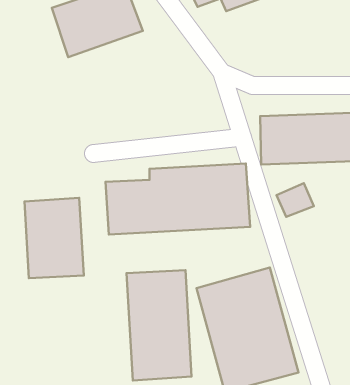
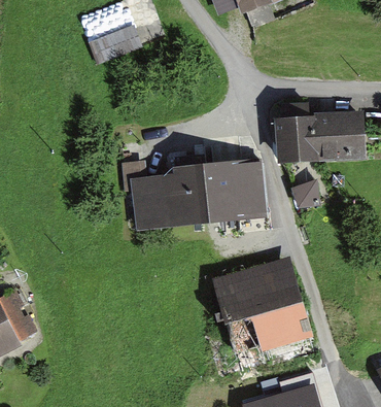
building: [24,198,84,278] -> none
building: [127,270,191,381] -> none

